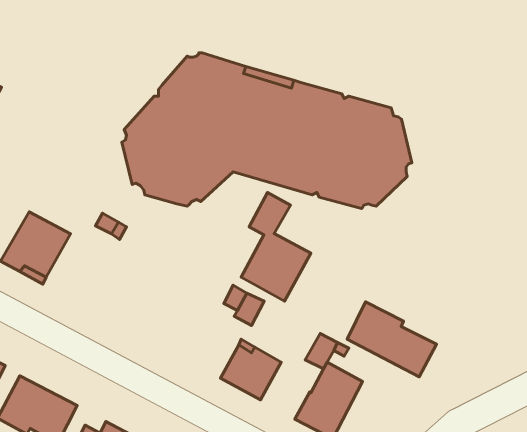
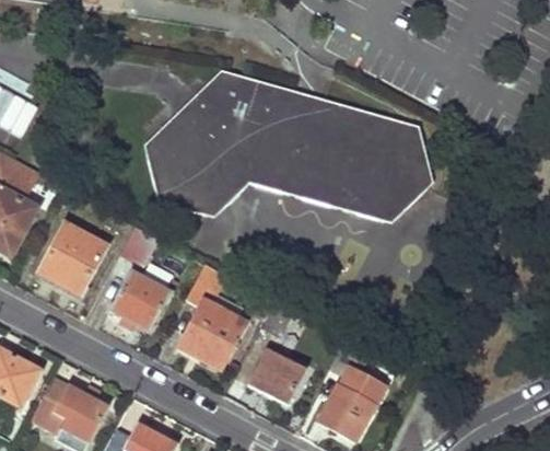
building: [241,192,311,301] -> [177,263,244,367]
building: none -> [107,269,167,329]
building: [347,302,436,377] -> none

